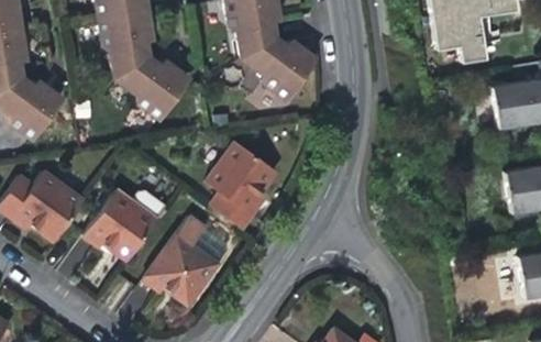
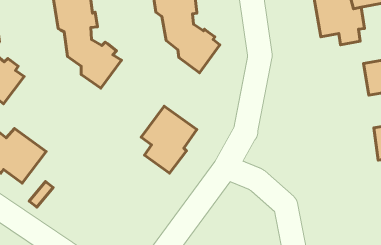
building: [84,189,159,258] -> none
building: [145,217,229,302] -> none

